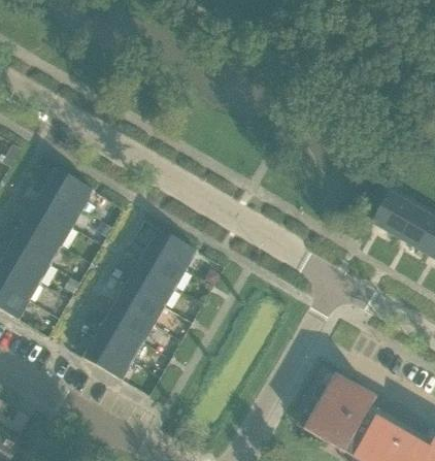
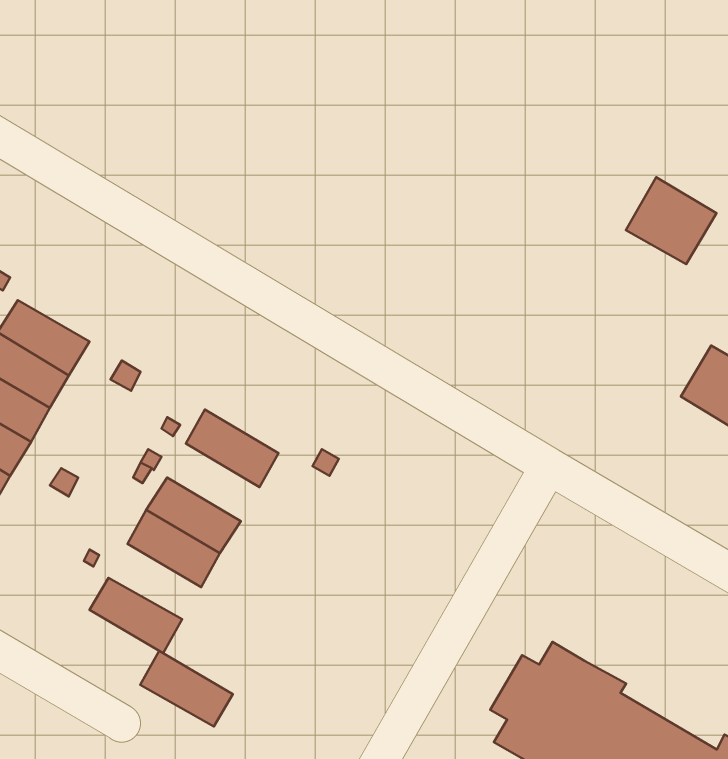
building: [42,168,93,210] -> none
building: [371,193,421,240] -> [626,177,716,264]
building: [144,228,197,271] -> none
building: [124,266,174,308] -> none
building: [92,321,142,362] -> [140,651,233,726]

